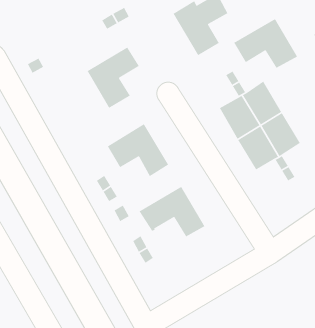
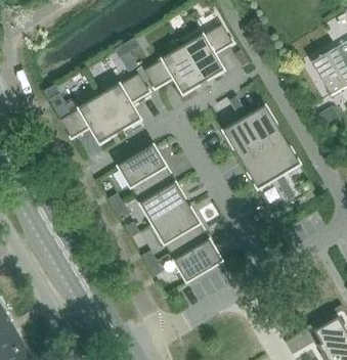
building: [233,14,298,69] -> [143,43,204,94]
building: none -> [60,92,121,144]
building: none -> [131,177,188,227]
building: none -> [164,233,222,282]

